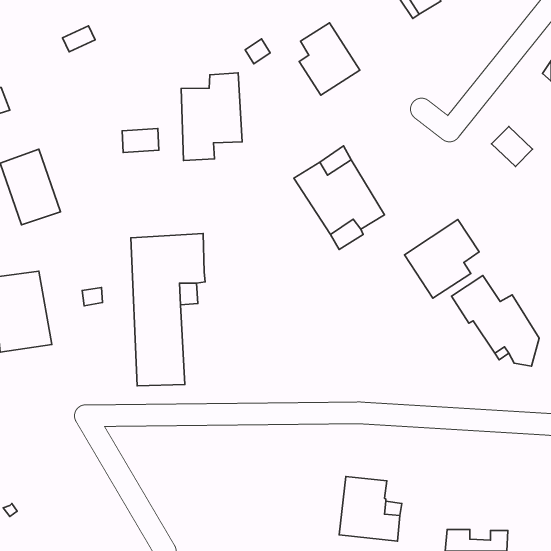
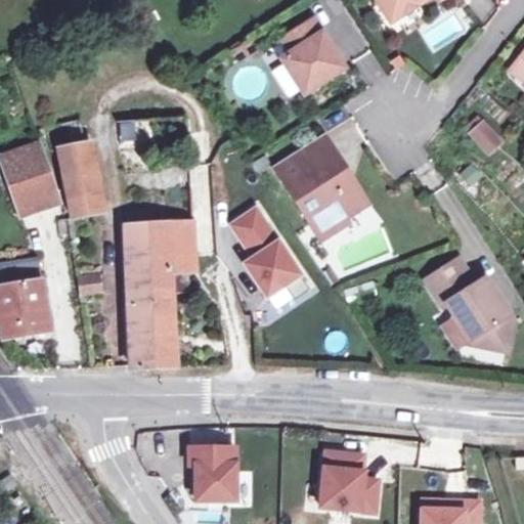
building: [181,73,242,160] -> none
building: none -> [46,117,94,214]
building: none -> [230,207,309,298]
building: [404,220,479,298] -> none
building: none -> [192,446,237,499]

